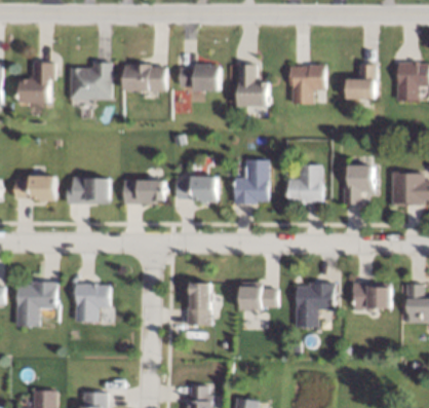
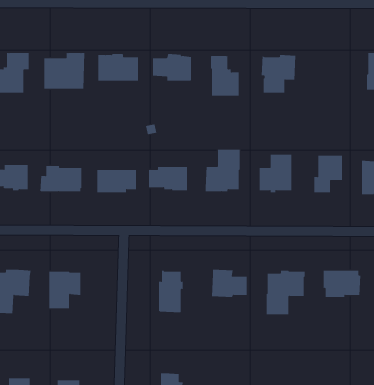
building: [348,64,377,99] -> none

